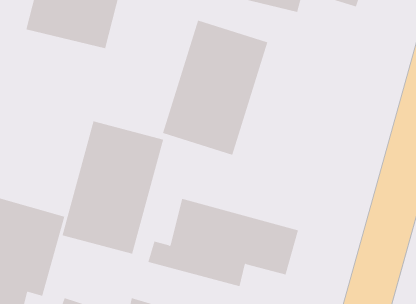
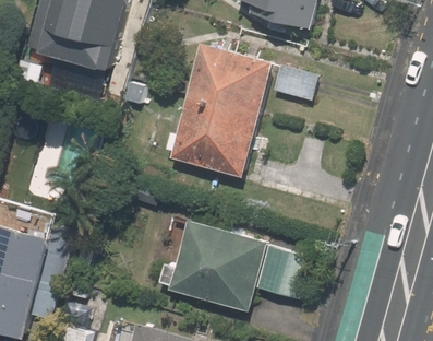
building: [62,120,164,255] -> none

